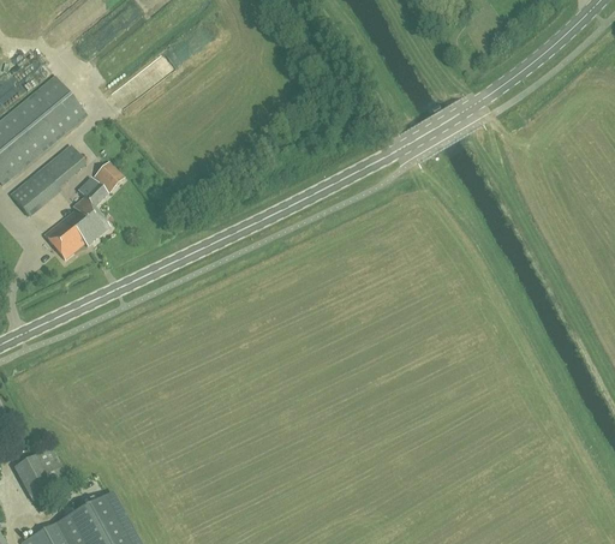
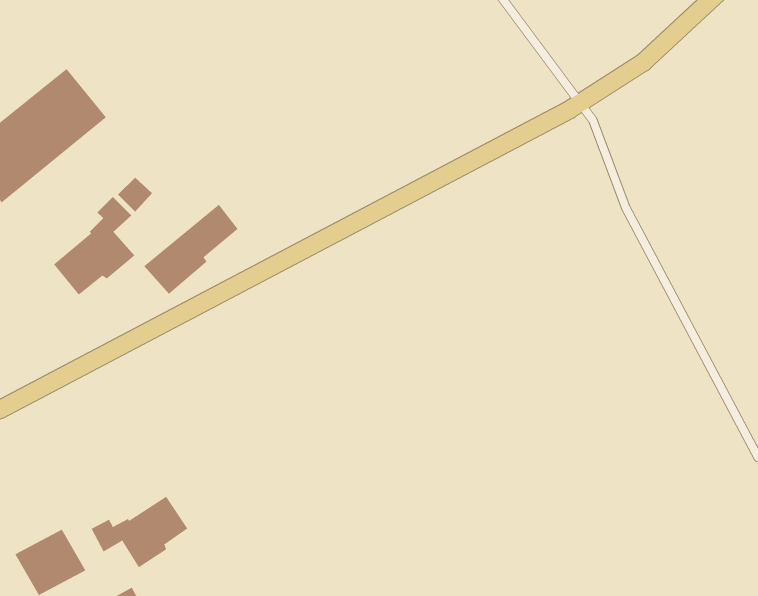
building: [8,143,85,216] -> [143,204,239,294]
building: none -> [91,496,188,568]

